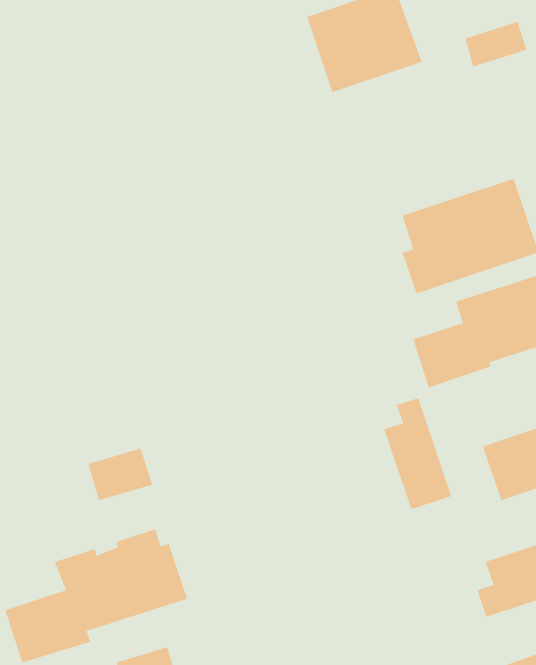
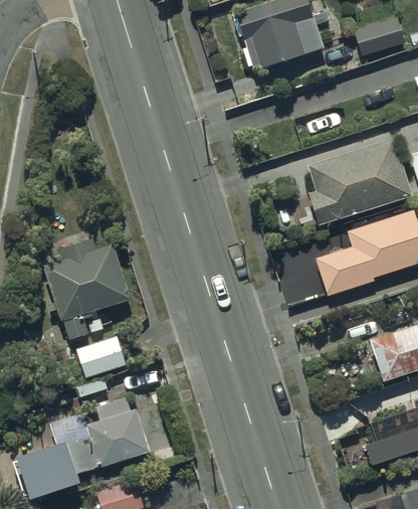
building: none -> [39,241,128,342]
building: [383,397,452,510] -> none

